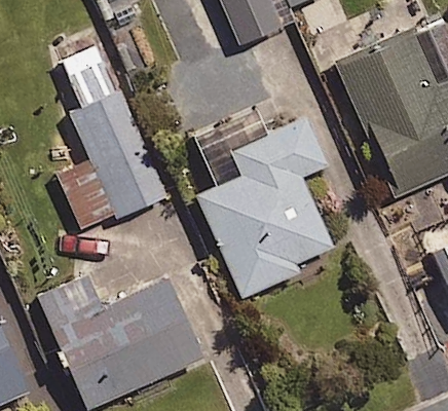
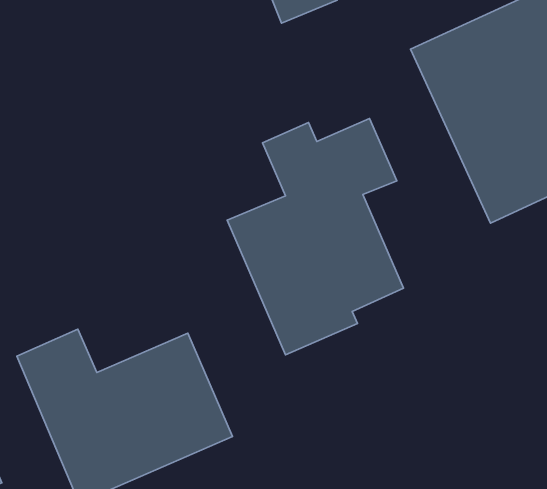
building: [65,45,165,218] -> none

